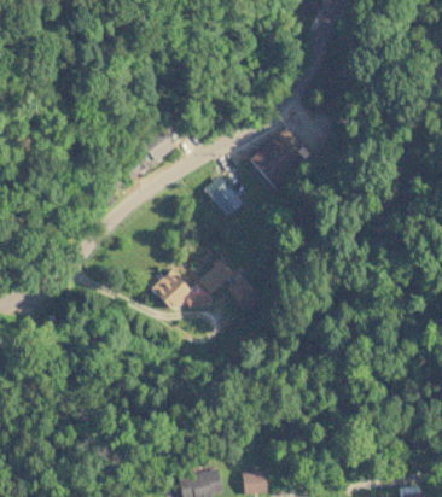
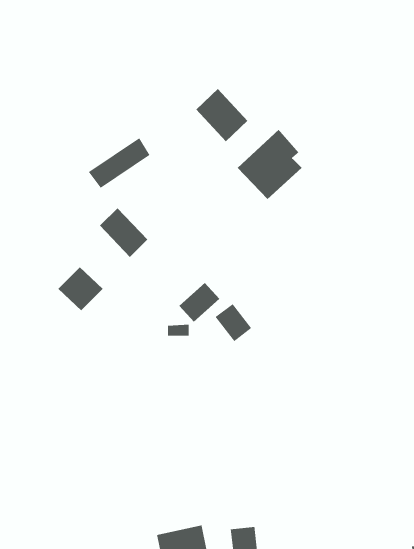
building: none -> [195,88,248,142]
building: [203,175,245,218] -> [99,208,148,258]
building: [151,270,191,309] -> [58,266,104,311]

